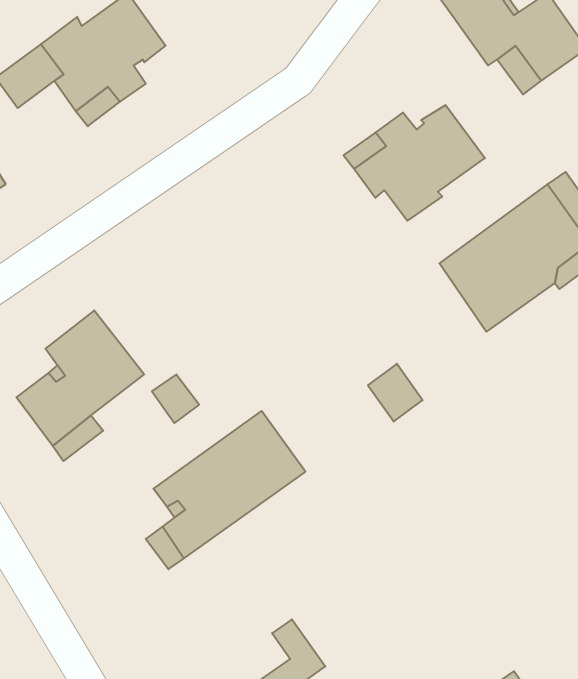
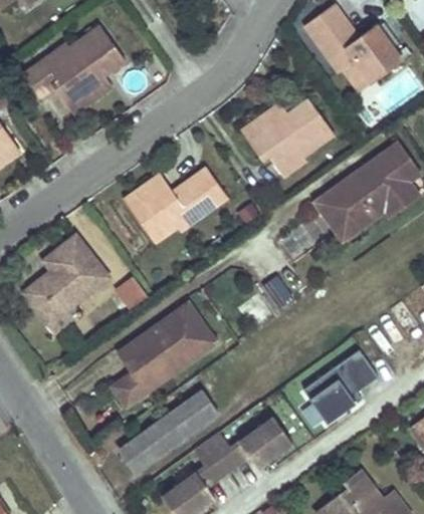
building: none -> [125,167,230,243]
building: none -> [305,348,381,423]
building: none -> [121,391,218,471]
building: none -> [208,416,293,470]

